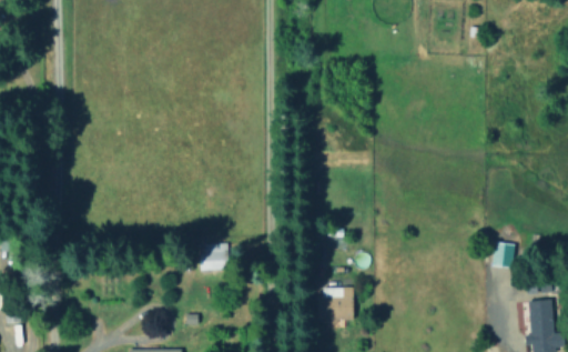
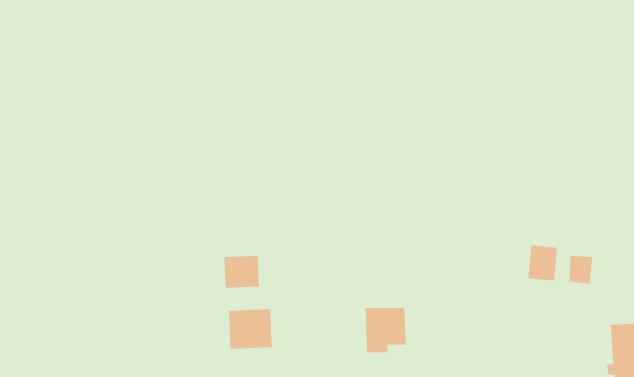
building: none -> [528,245,558,281]
building: none -> [229,308,272,350]

